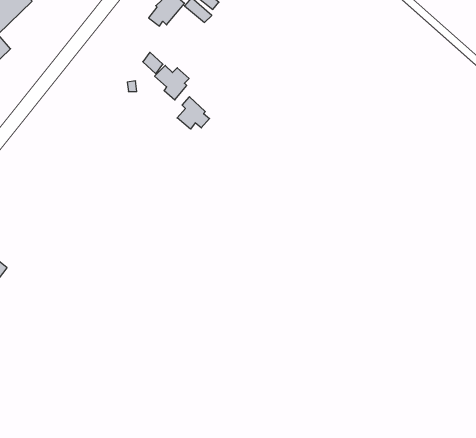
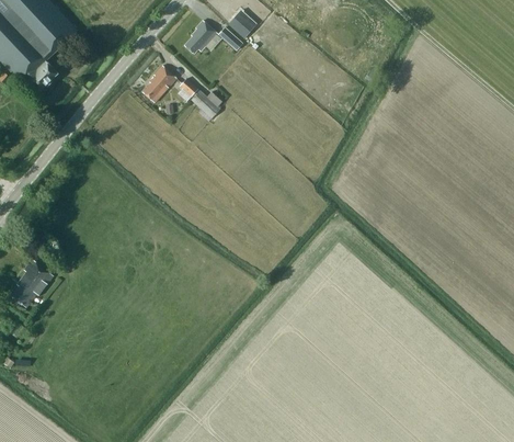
building: none -> [142,64,178,101]
building: [177,97,210,129] -> none

